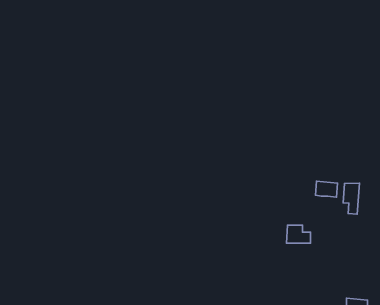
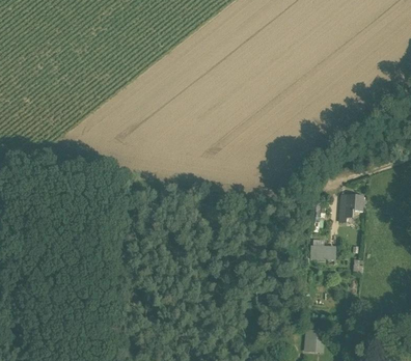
building: [343,183,359,214] -> none

